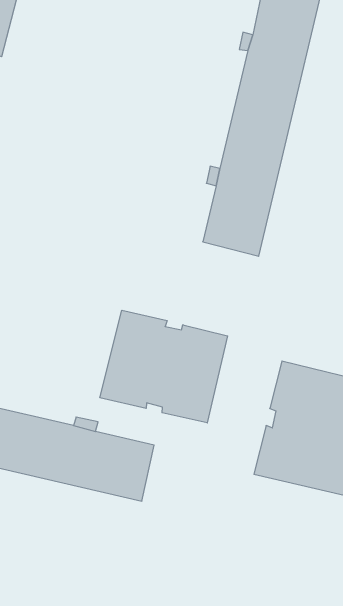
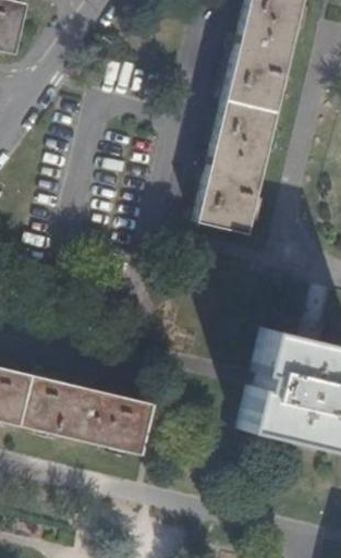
building: [100,310,228,423] -> none

